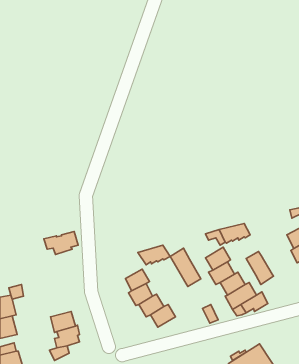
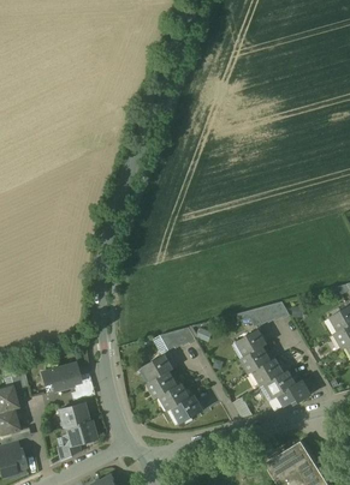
building: [44,232,78,254] -> [41,365,81,391]
building: [170,248,201,286] -> none
building: [246,251,274,284] -> none

